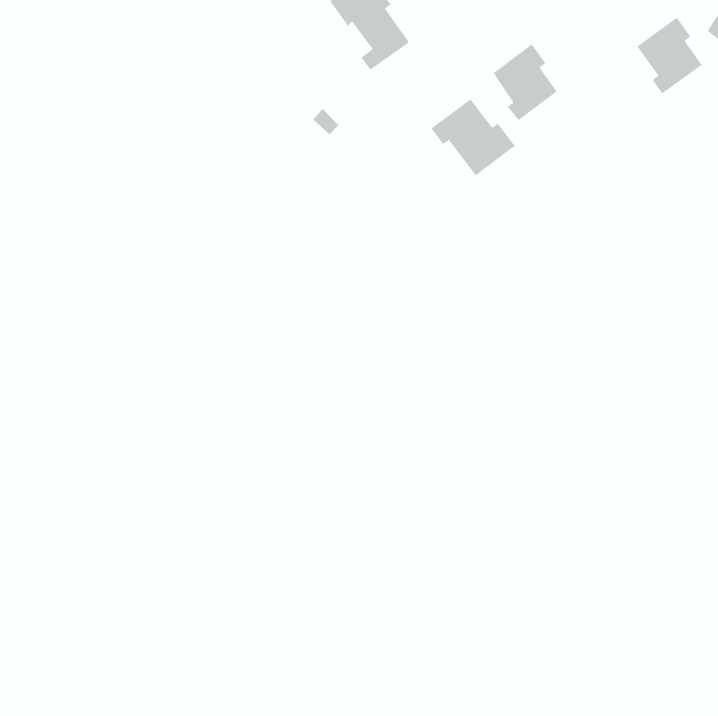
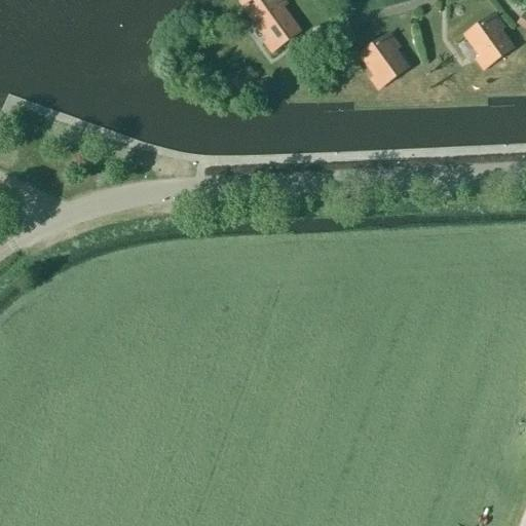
building: [431,98,516,176] -> none

